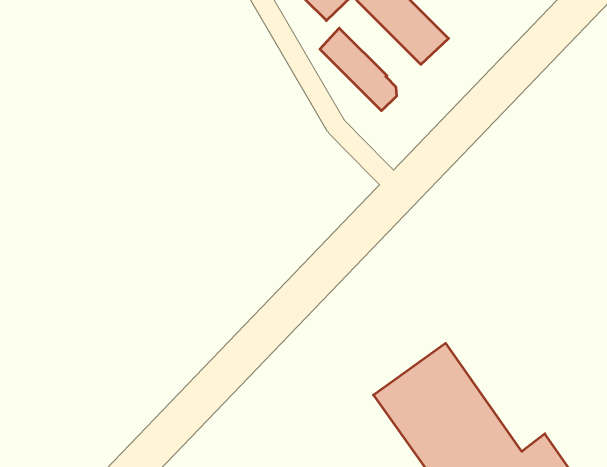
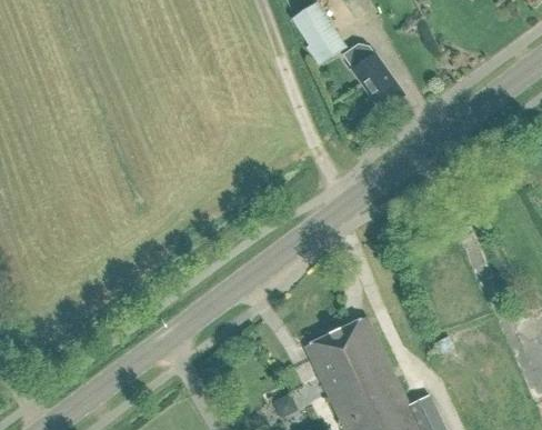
building: [320,28,397,111] -> none

